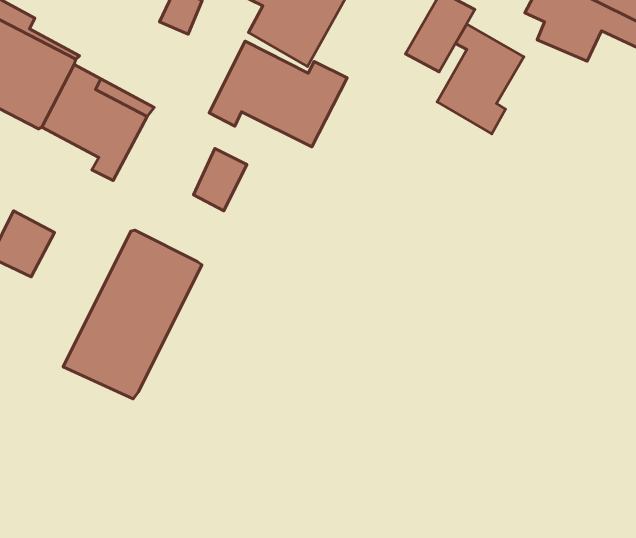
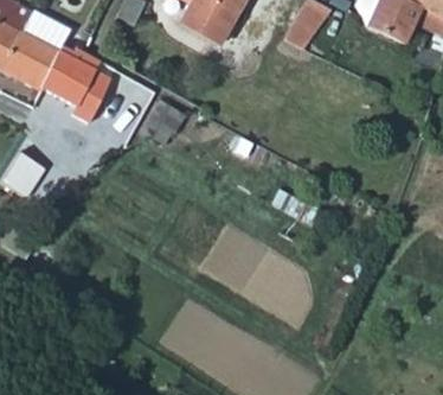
building: [437,24,524,134] -> none
building: [209,41,347,147] -> none
building: [63,230,202,399] -> none

